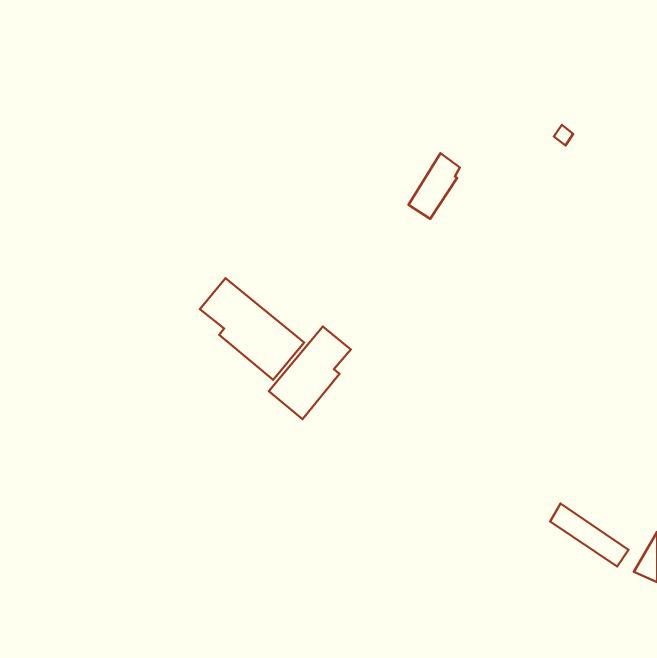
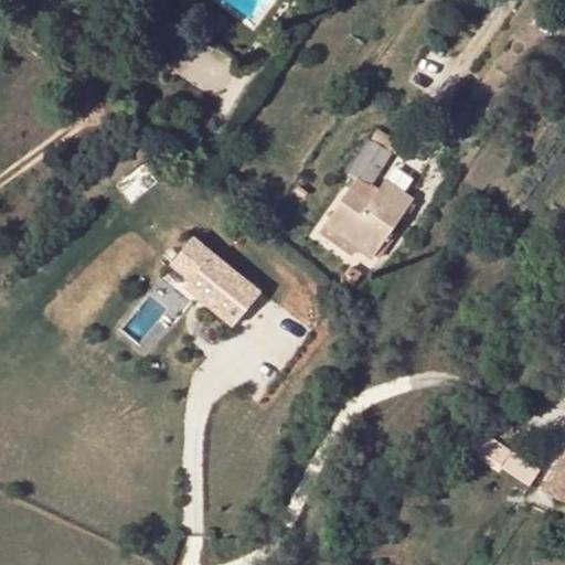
building: none -> [326,180,413,256]
building: [269,327,351,419] -> none

